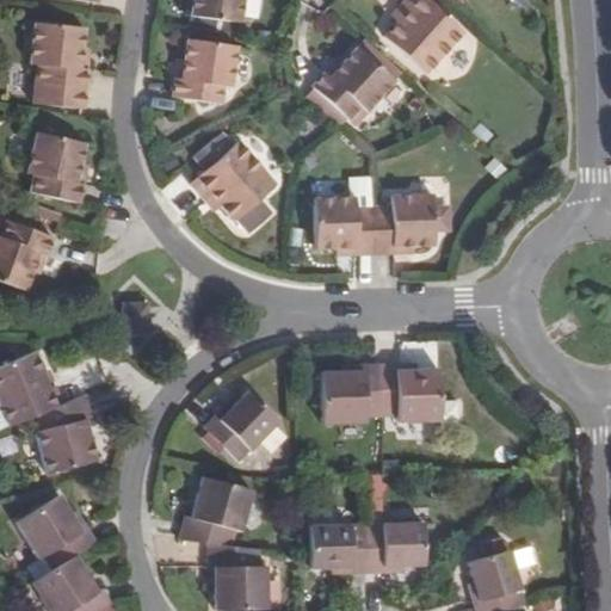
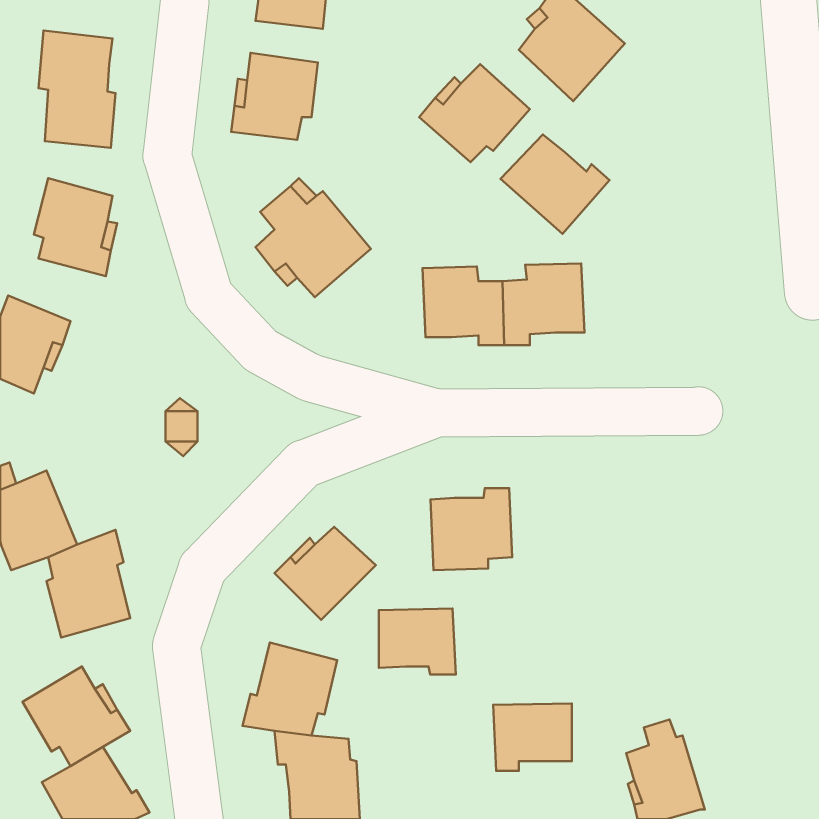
building: none -> [500,134,610,234]
building: [379,362,442,420] -> none
building: [313,524,370,573] -> [379,609,456,674]

